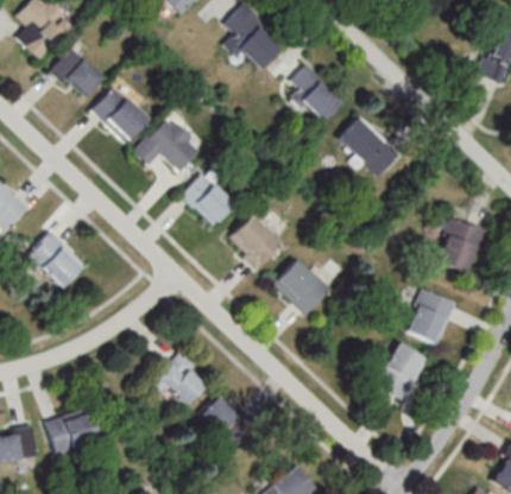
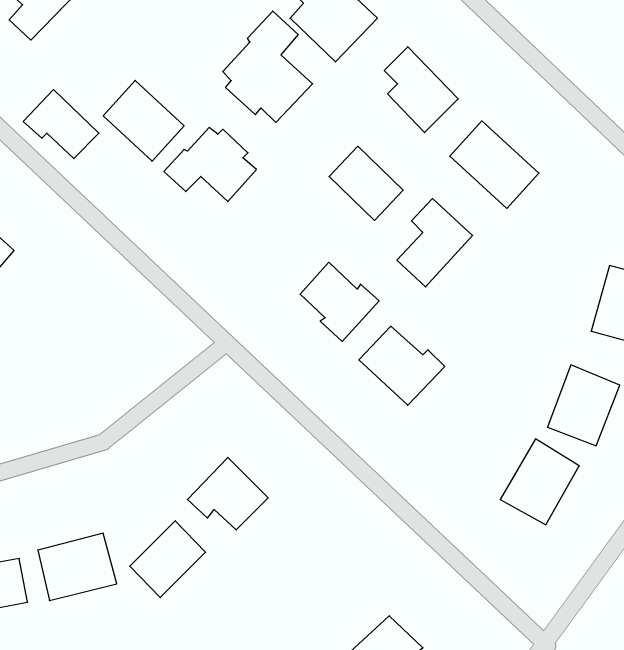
building: none -> [223,11,313,122]
building: [50,49,103,97] -> [23,90,99,159]
building: none -> [397,199,473,287]
building: [182,173,234,226] -> [329,146,403,220]
building: [27,232,86,289] -> none
building: [198,395,246,439] -> none
building: none -> [130,521,206,598]

